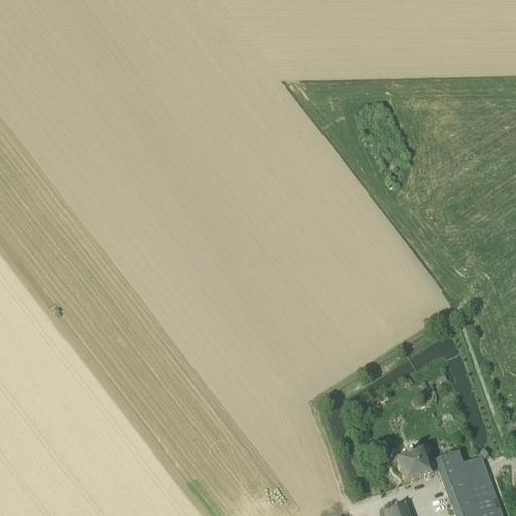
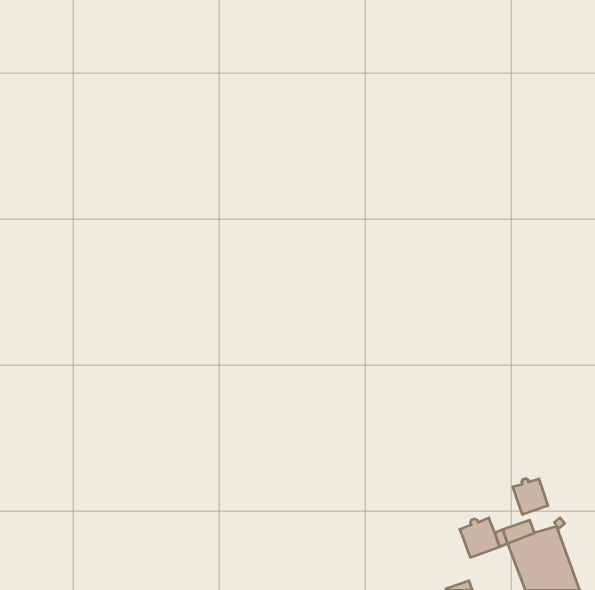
building: none -> [513,478,548,515]

